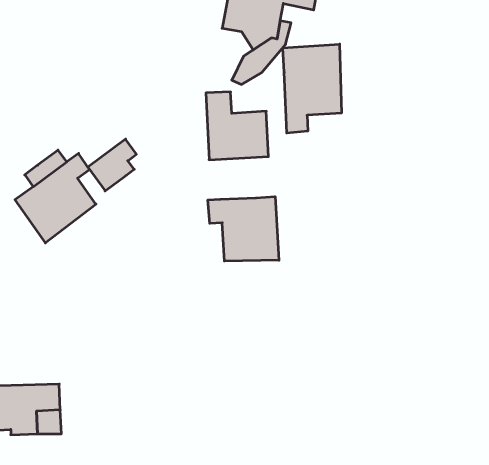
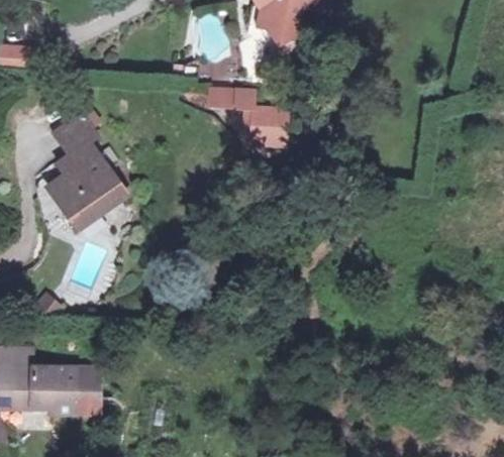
building: [283,44,341,133] -> none
building: [88,139,136,191] -> [57,108,102,156]
building: [208,197,279,261] -> none

